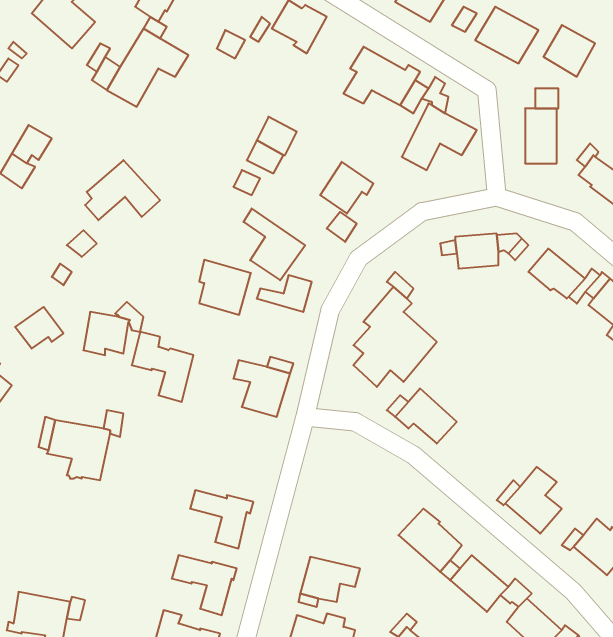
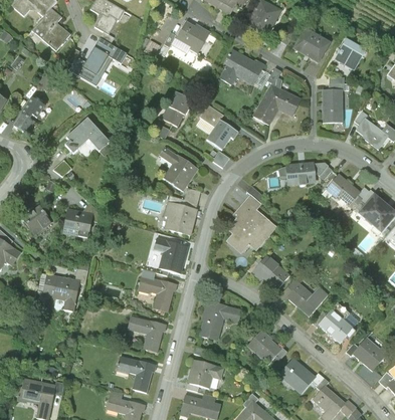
building: [199,260,251,315] -> [163,202,194,235]
building: [132,332,193,402] -> [136,270,173,312]
building: none -> [277,279,326,317]
building: none -> [204,299,245,339]

